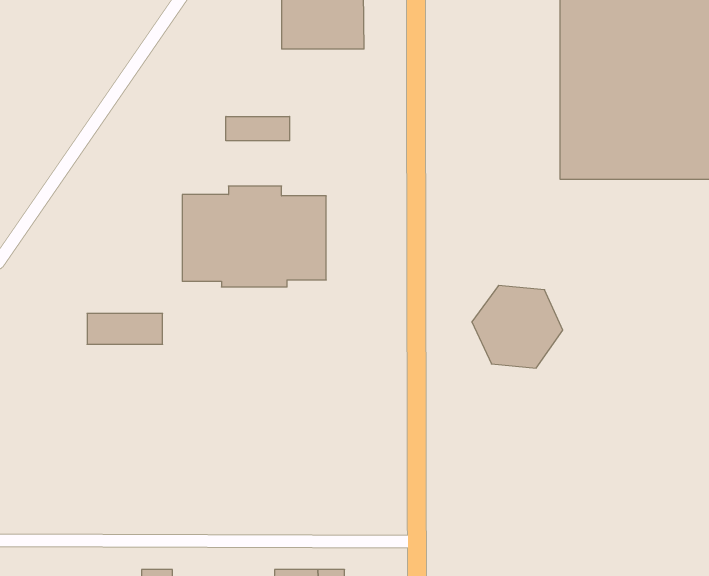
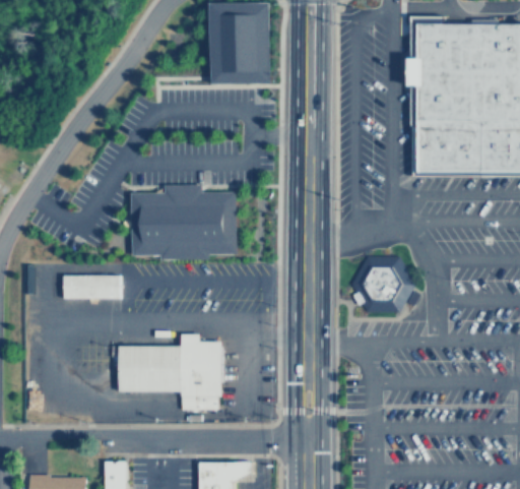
building: [226,116,290,141] -> none
building: none -> [117,335,221,414]

